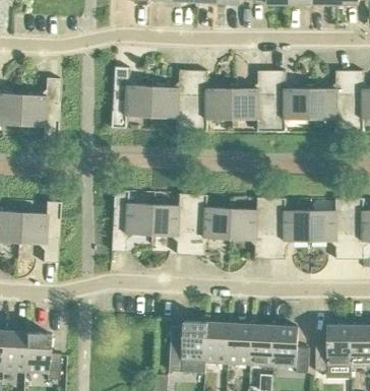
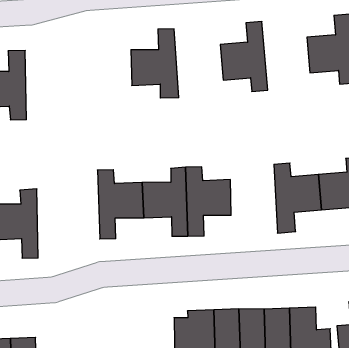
building: [112,67,153,128] -> none
building: [192,71,233,132] -> none
building: [271,71,310,132] -> none
building: [230,198,271,259] -> none

